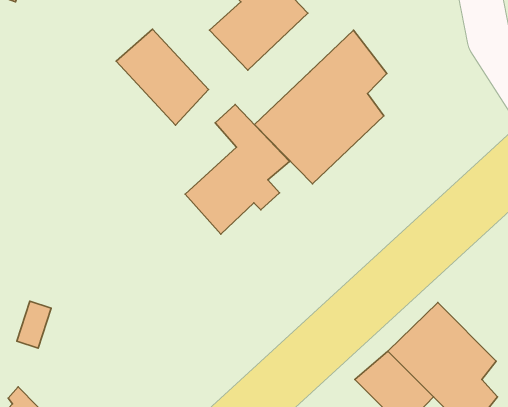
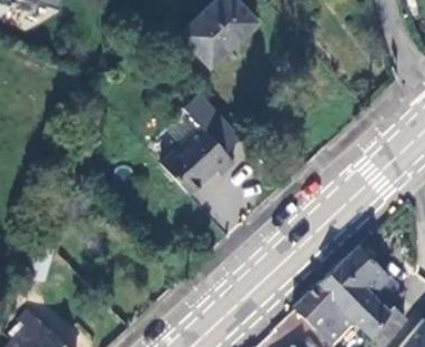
building: [116,29,208,125] -> none
building: [254,30,387,184] -> none

